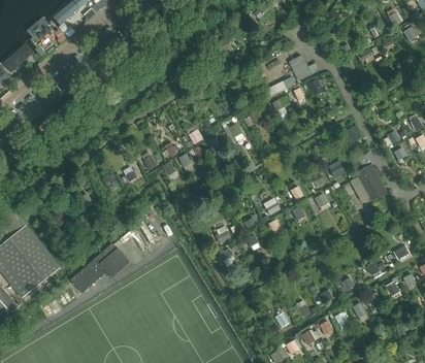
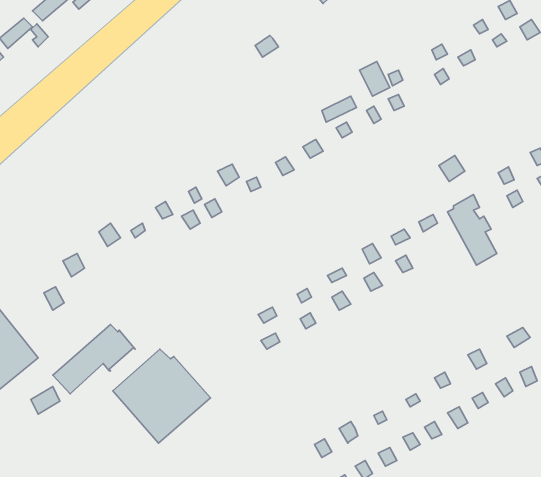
building: none -> [113,349,211,443]

